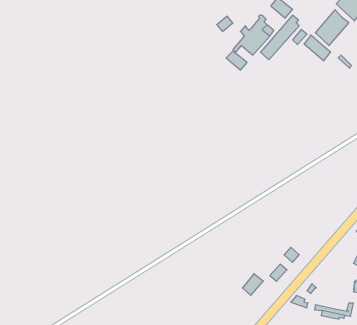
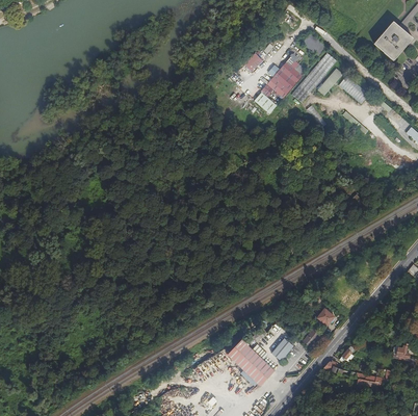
building: [315,10,349,46] -> none
building: none -> [227,338,275,387]

